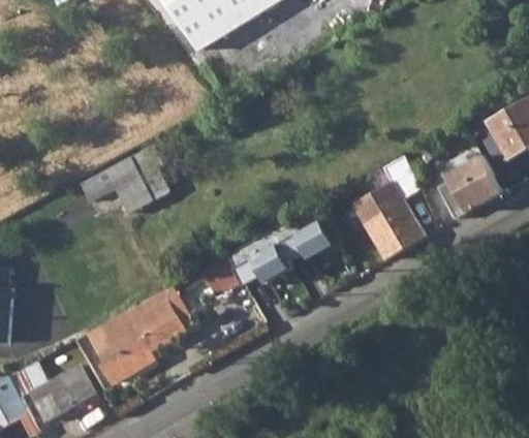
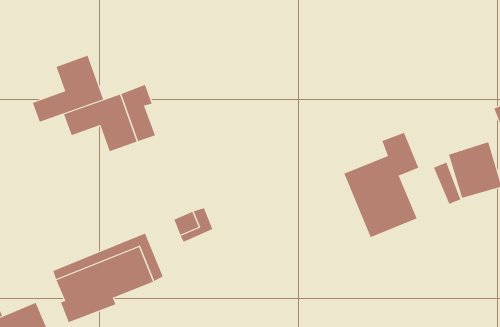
building: none -> [32,55,104,123]
building: [228,219,334,284] -> none

